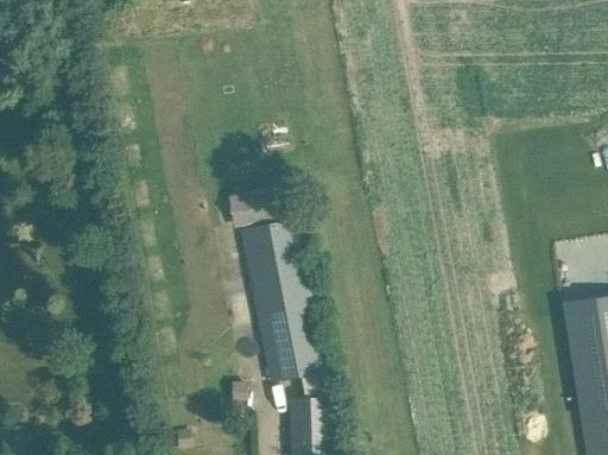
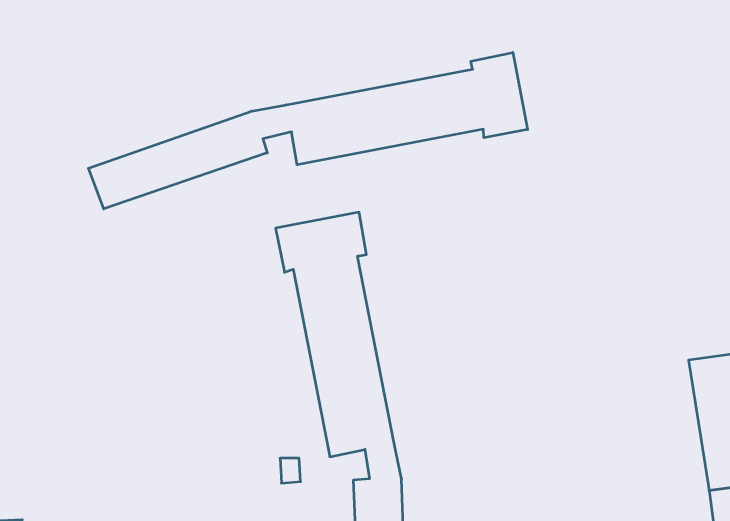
building: none -> [88,52,528,209]

